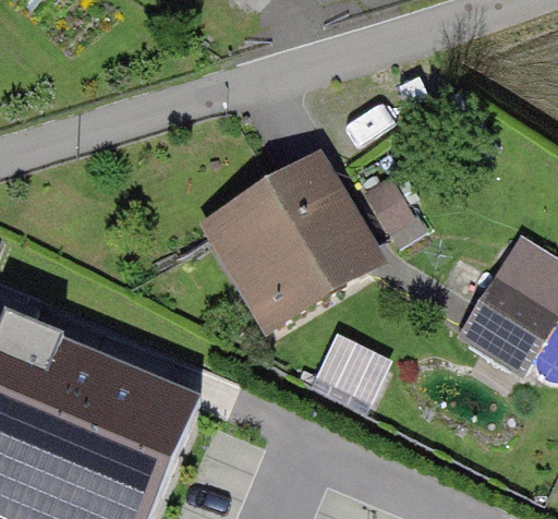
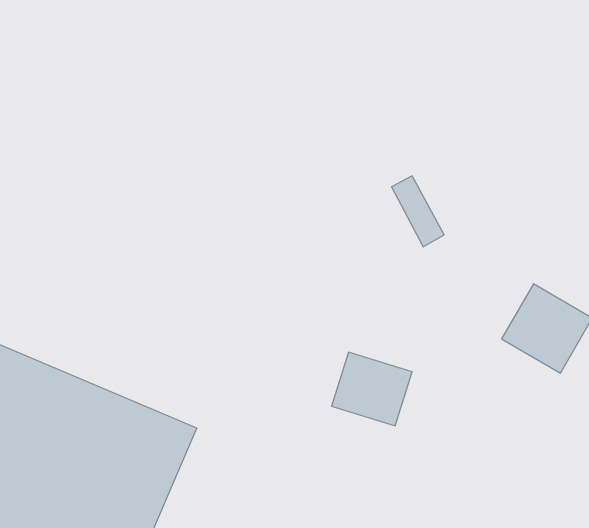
building: [217,162,379,317] -> none

